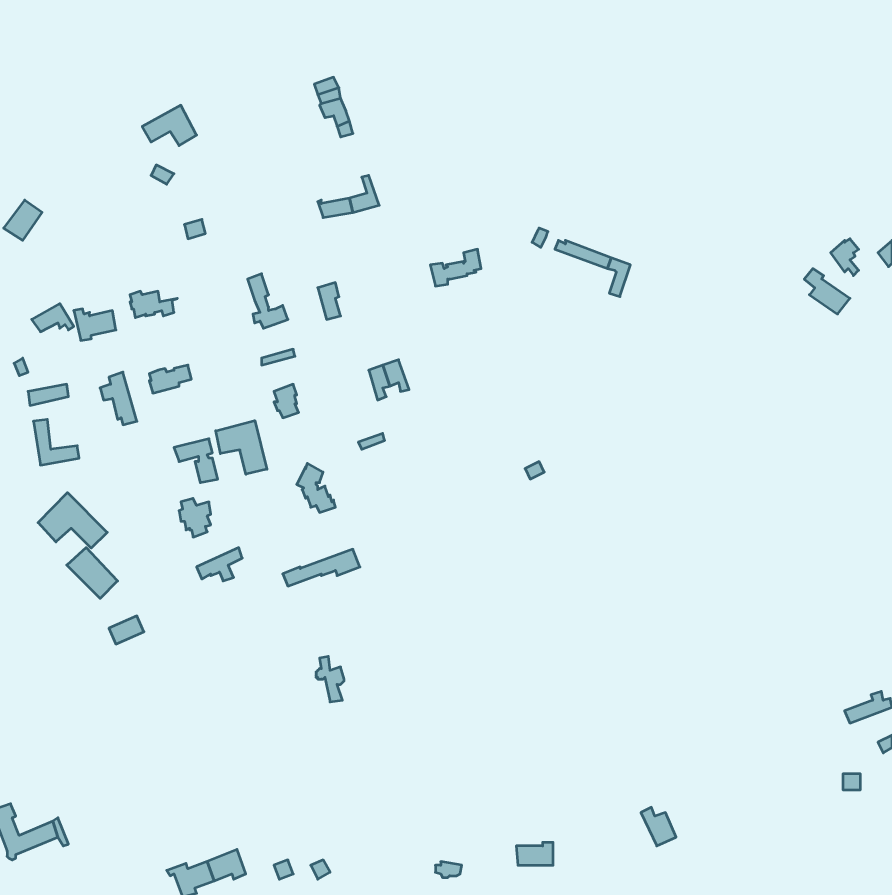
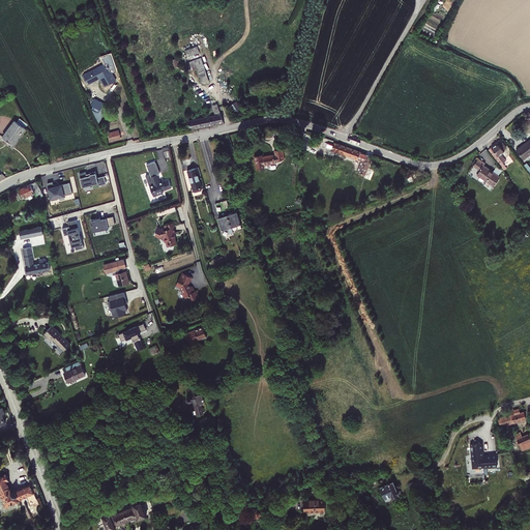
building: [216,421,267,474] -> none
building: [38,493,107,548] -> none
building: none -> [467,444,494,469]

